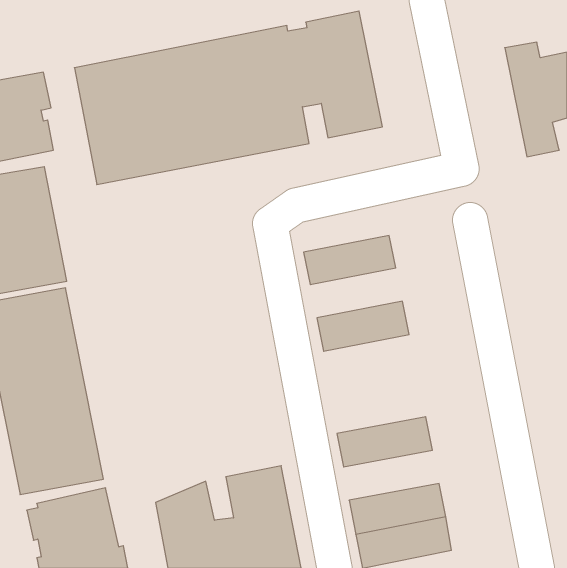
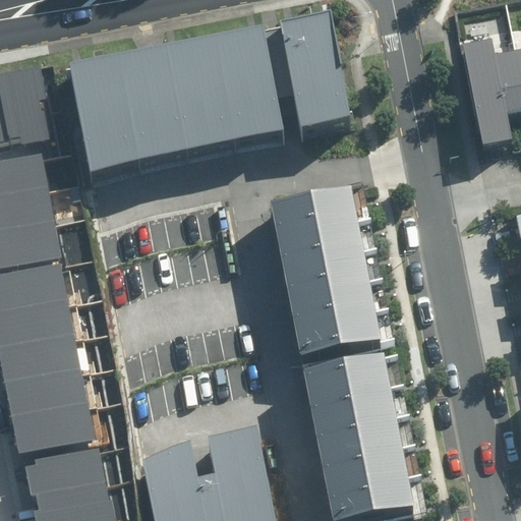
building: none -> [273,185,356,231]
building: none -> [284,245,368,291]
building: none -> [296,306,380,351]
building: none -> [302,351,390,397]
building: none -> [314,412,402,458]

